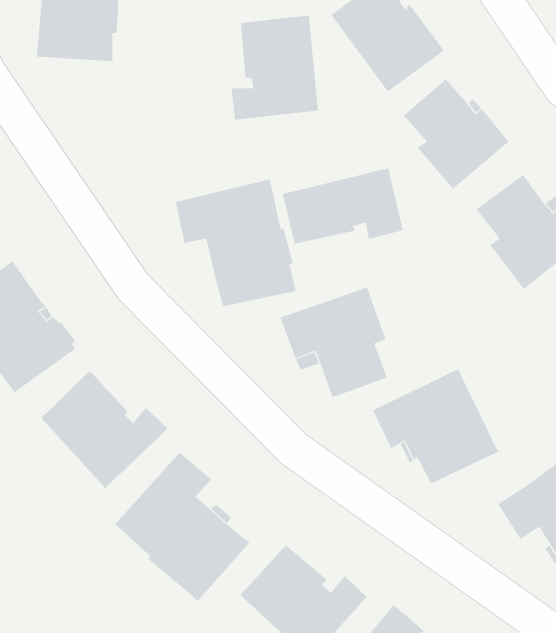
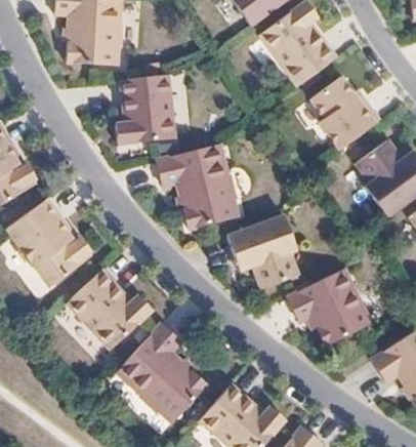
building: [231,15,319,120] -> [117,74,175,144]
building: [282,167,404,244] -> none

